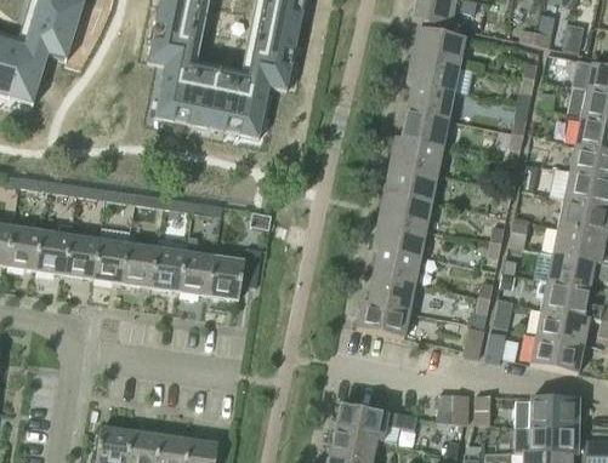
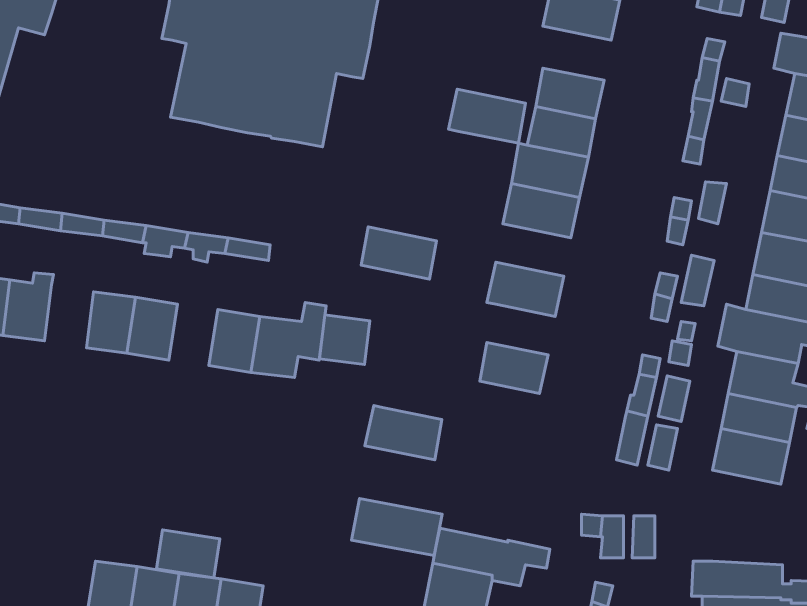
building: [405,55,459,92] -> [449,89,525,143]
building: [379,192,431,228] -> [361,227,436,279]
building: [66,234,100,278] -> none
building: [152,247,186,290] -> none
building: [373,247,420,282] -> none
building: none -> [320,315,370,365]
building: [356,299,409,337] -> [365,406,442,460]
building: none -> [351,499,442,556]
building: [516,395,579,428] -> none
building: none -> [157,530,220,578]

